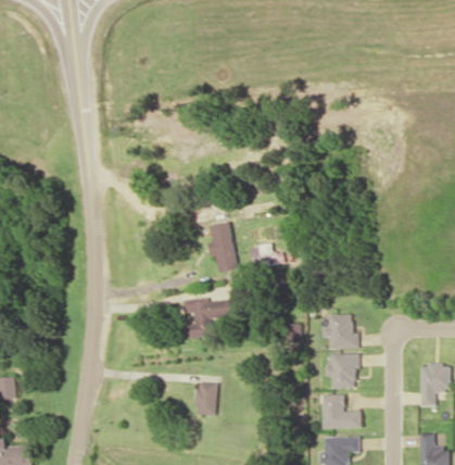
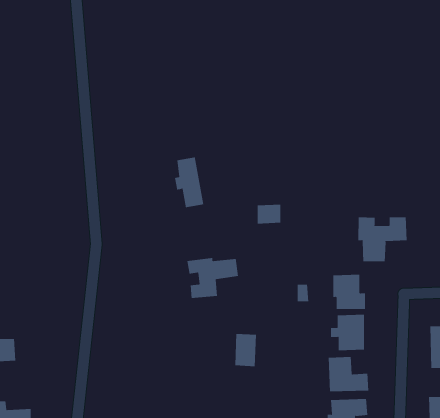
building: [208,223,238,273] -> [174,157,204,208]
building: none -> [358,216,407,262]
building: [195,382,217,415] -> [234,333,257,367]

